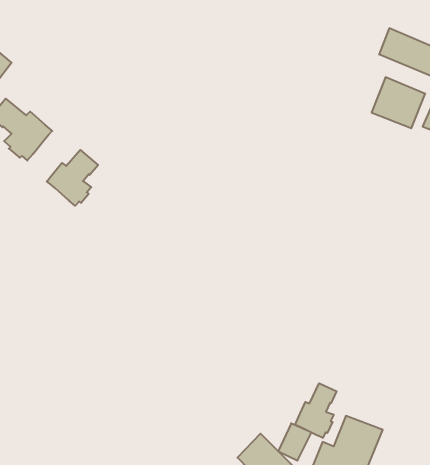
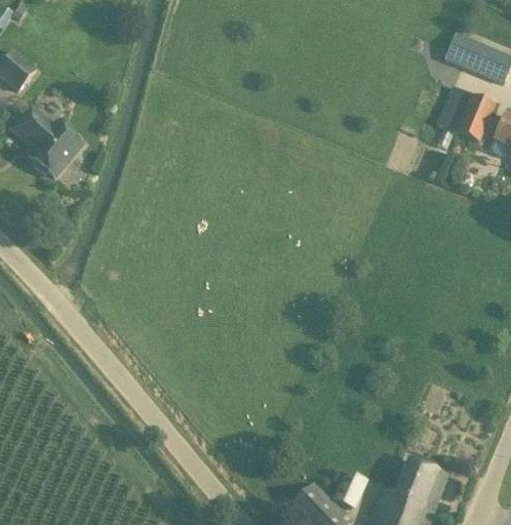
building: [47,150,98,206] -> none
building: [295,383,337,438] -> none

